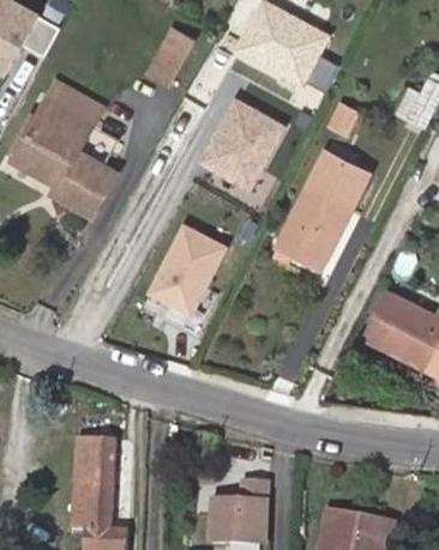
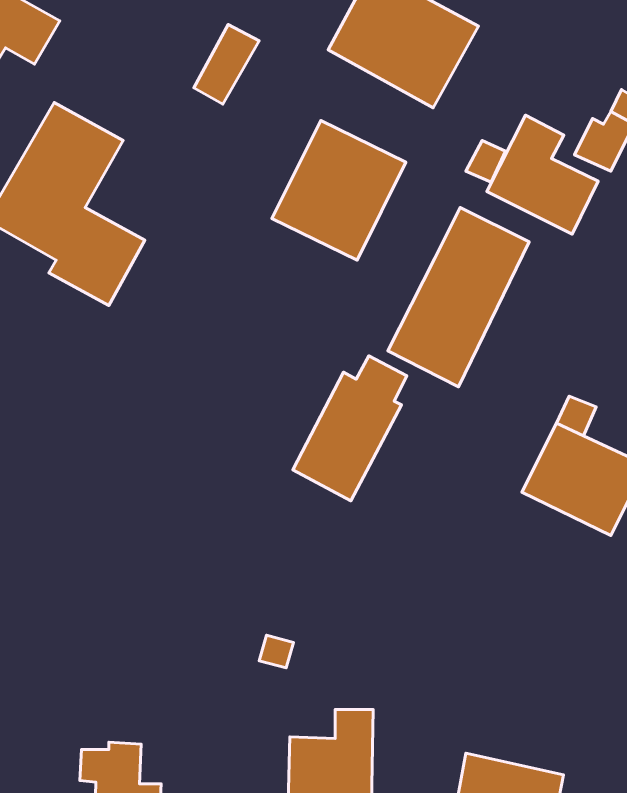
building: none -> [487,115,598,234]
building: [150,216,225,312] -> [293,356,407,501]
building: [72,440,113,509] -> none

